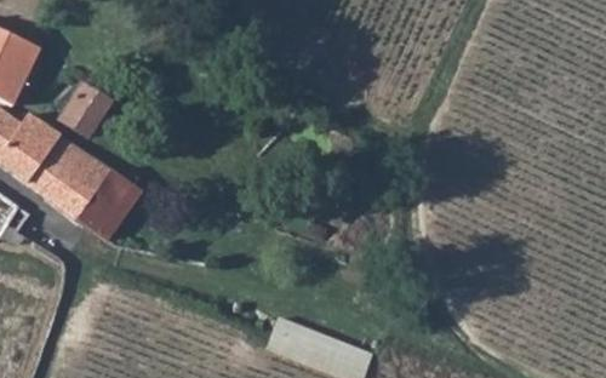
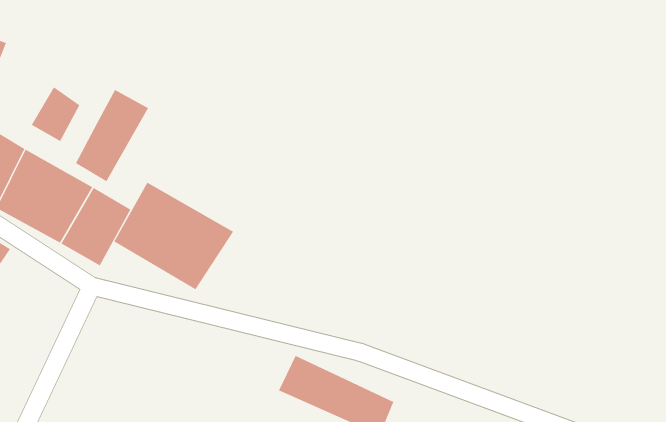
building: none -> [75,89,149,182]
building: none -> [114,182,234,290]

